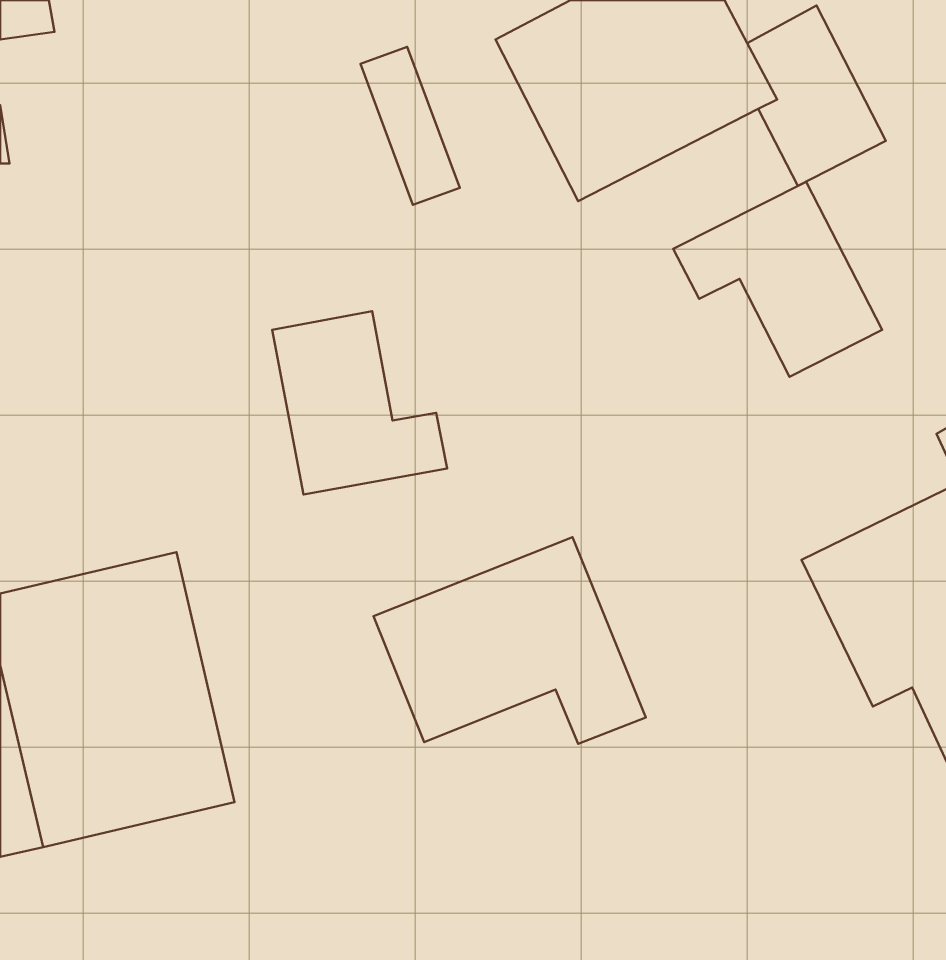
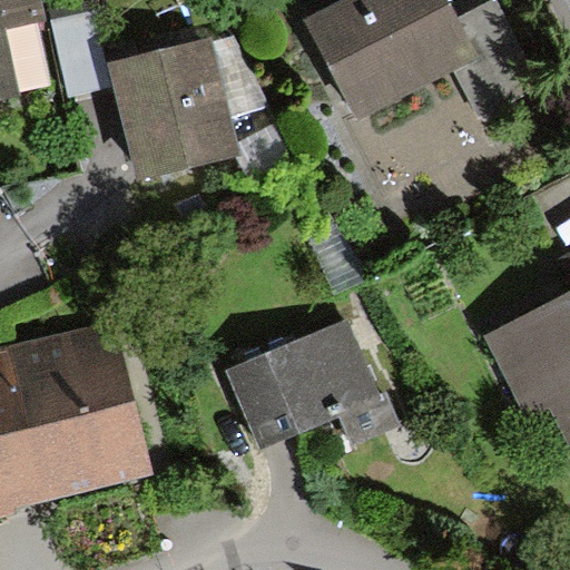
building: none -> [111,43,232,176]
building: [673,182,882,377] -> none
building: [272,311,447,495] -> none

